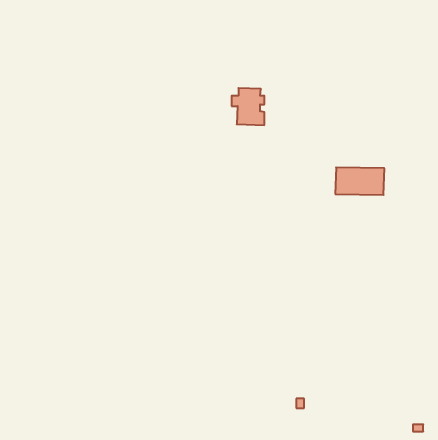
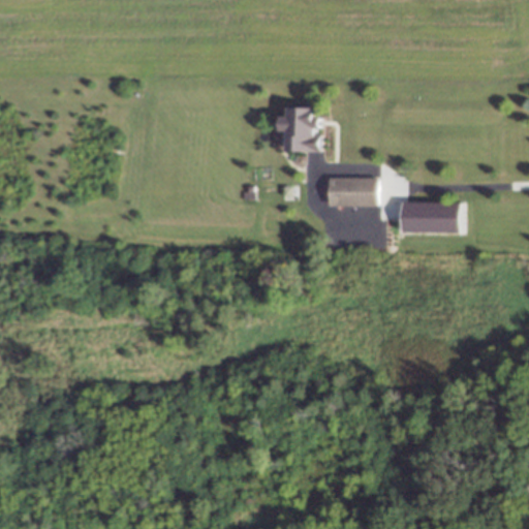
building: none -> [326,178,375,205]

